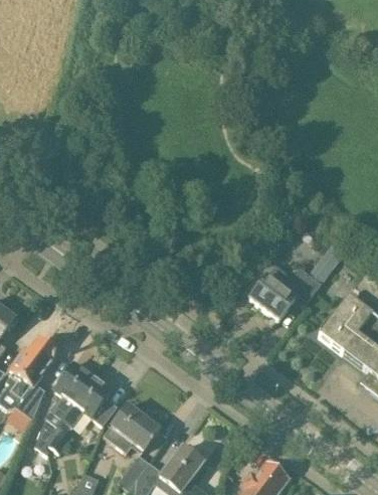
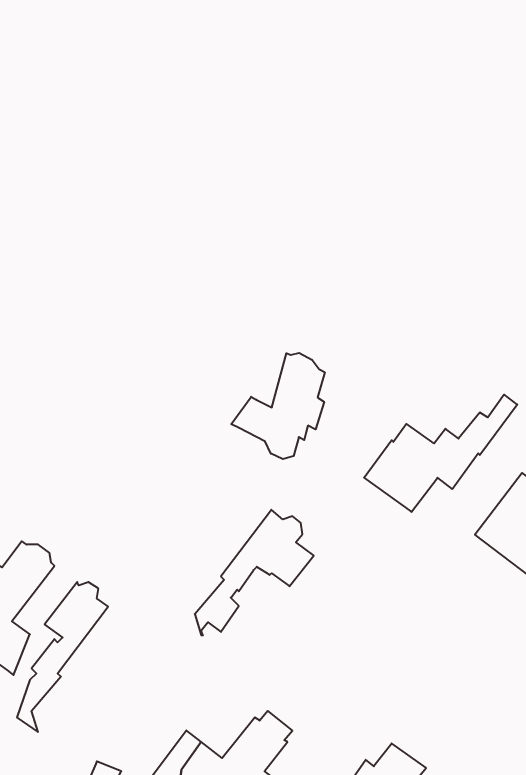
building: none -> [231,353,325,459]
building: [44,377,118,455] -> [195,510,314,635]
building: [105,403,159,452] -> none

